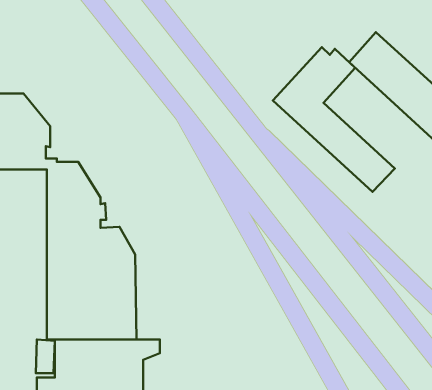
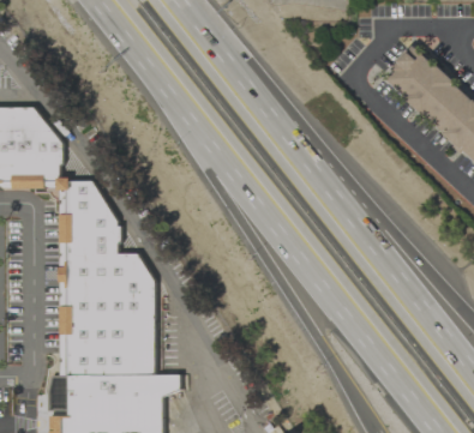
building: [273,47,395,192] -> none

